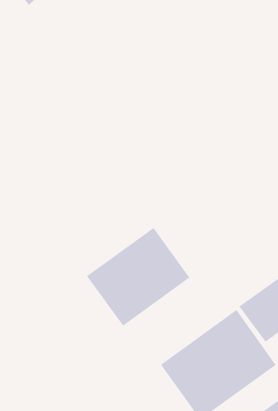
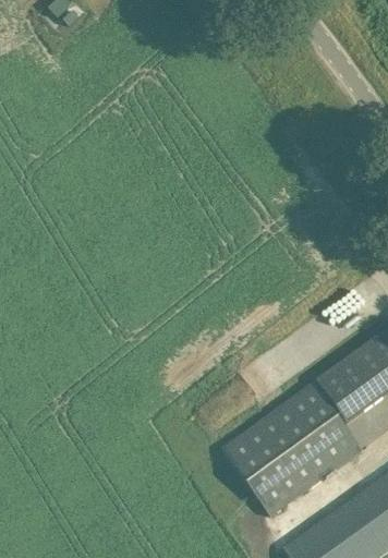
building: [86,227,190,327] -> none

